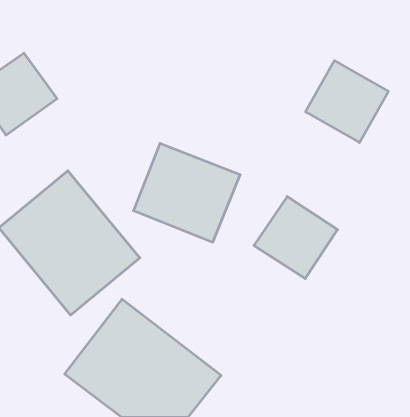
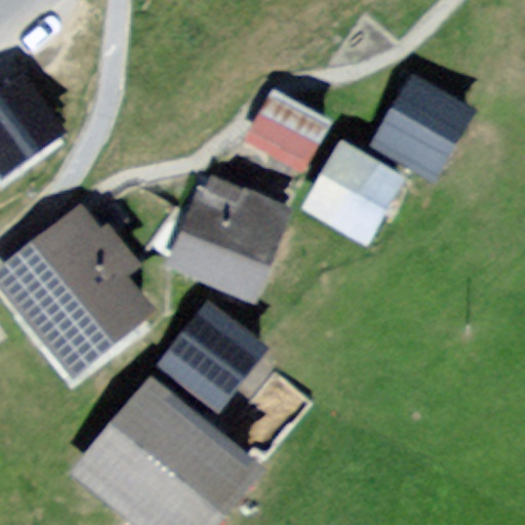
building: none -> [238,85,327,171]
building: [254,196,338,279] -> [306,143,409,244]
building: none -> [168,307,279,413]

